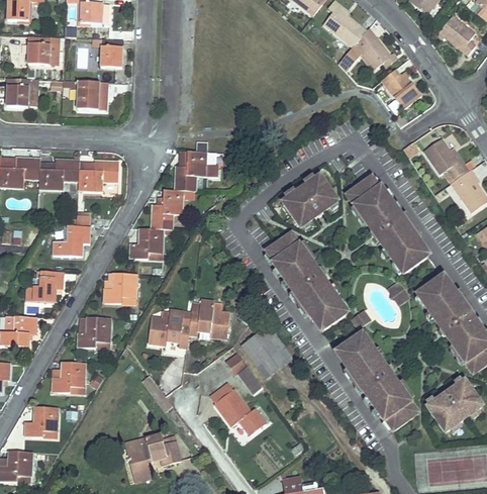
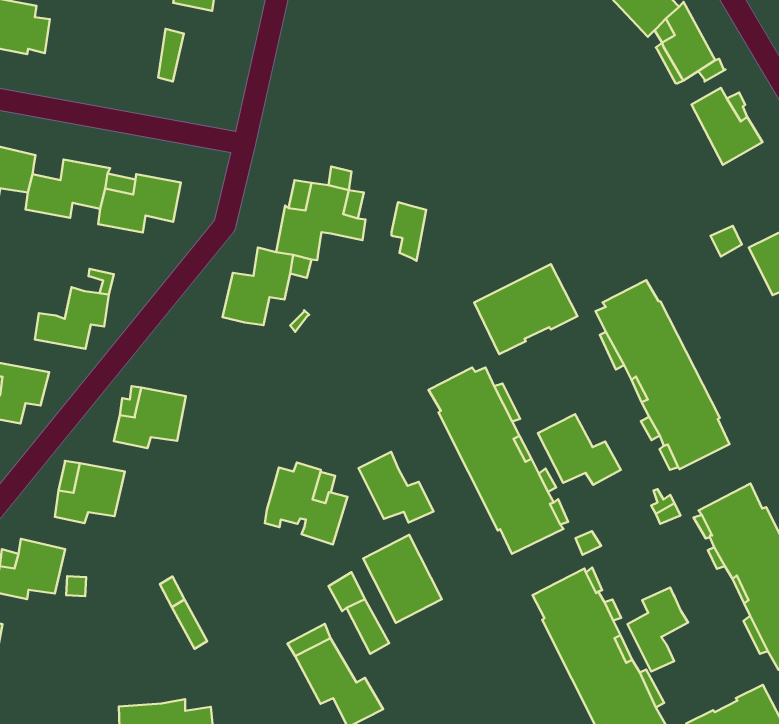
building: [77,81,98,107] -> none
building: none -> [391,202,426,261]
building: [129,227,163,258] -> none
building: none -> [538,414,621,485]
building: none -> [358,452,434,523]
building: [148,309,191,348] -> none
building: none -> [627,588,688,672]

